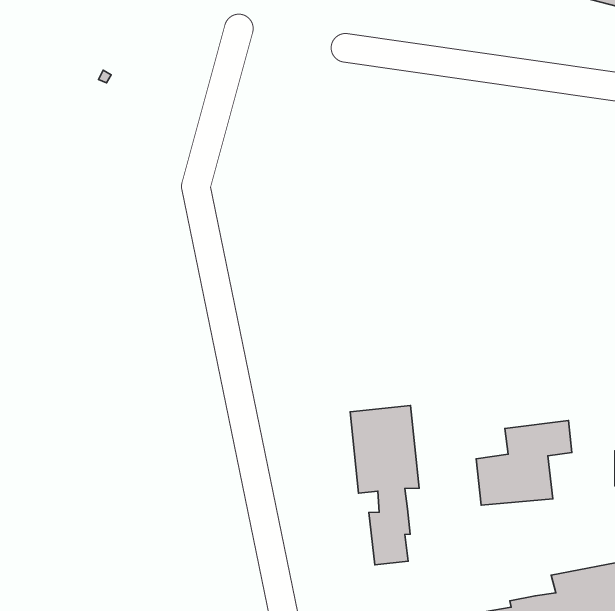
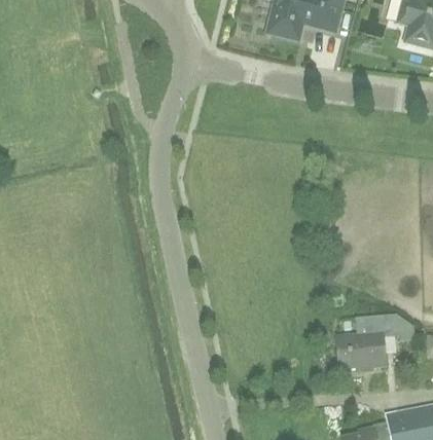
building: [350,406,419,565] -> none

